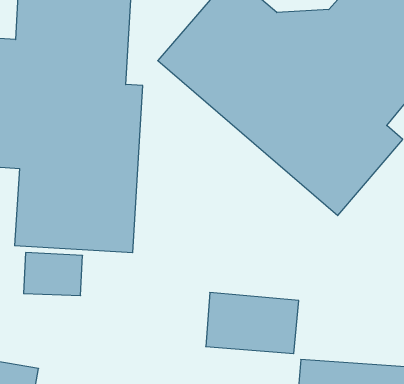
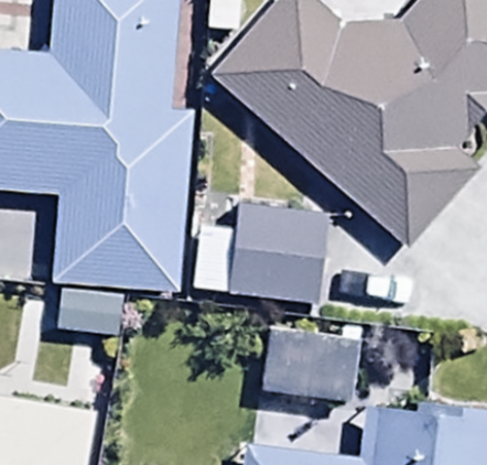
building: none -> [194,203,327,302]

